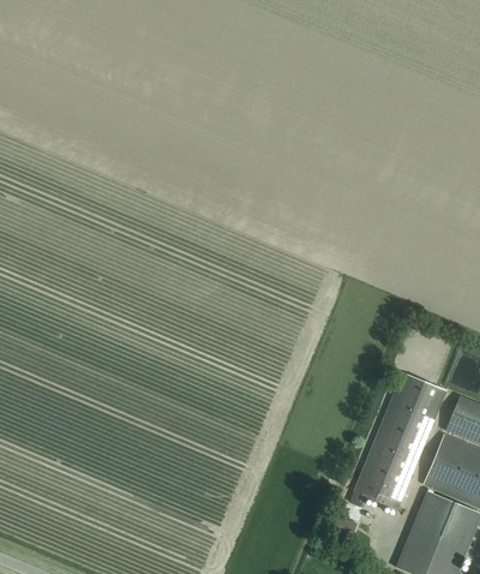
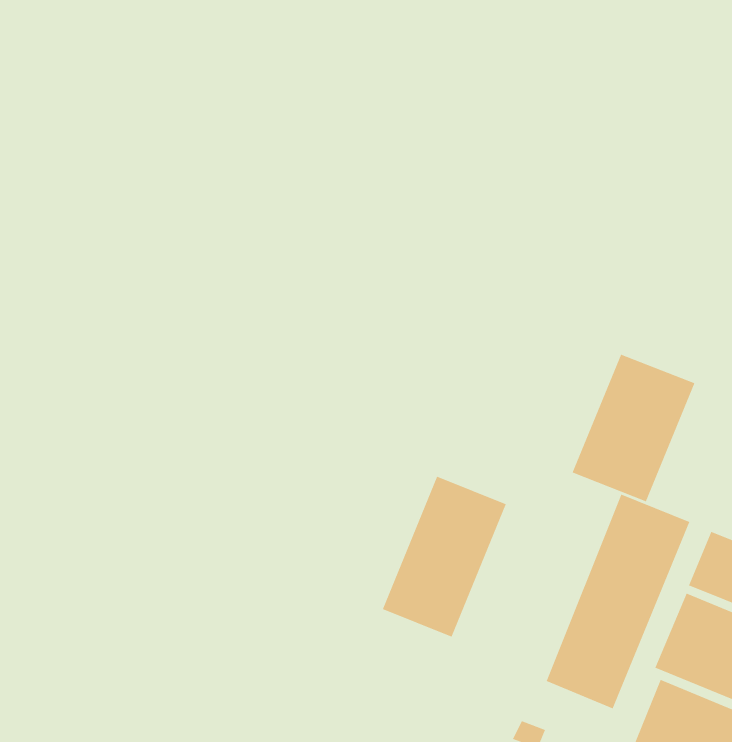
building: none -> [572,354,695,502]
building: none -> [382,476,507,637]

